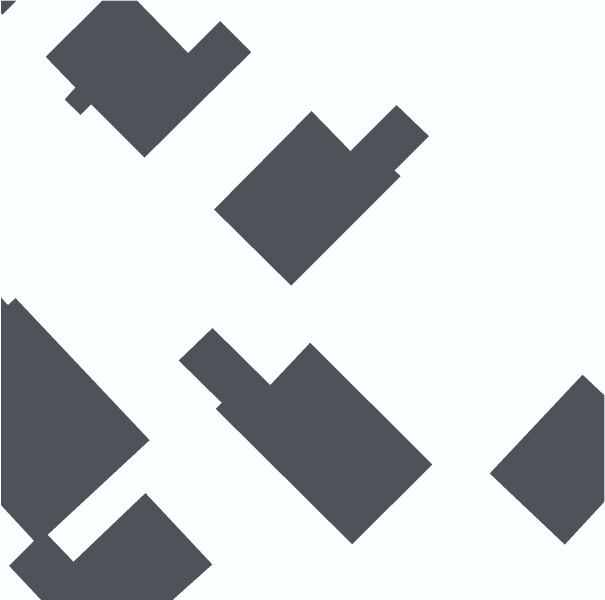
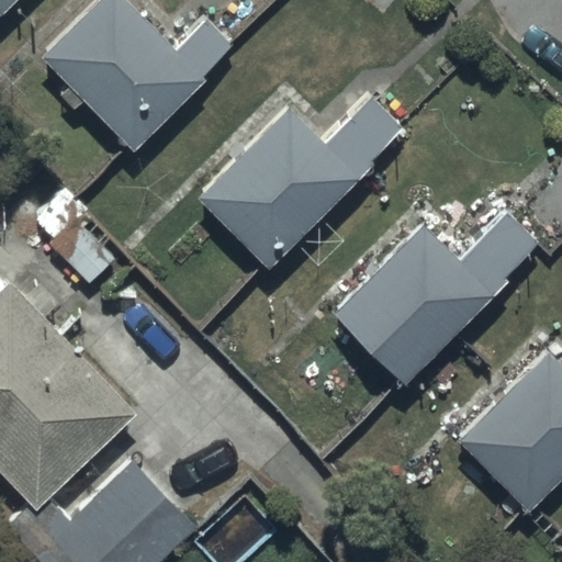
building: none -> [334,211,536,384]
building: [178,327,433,545] -> none

